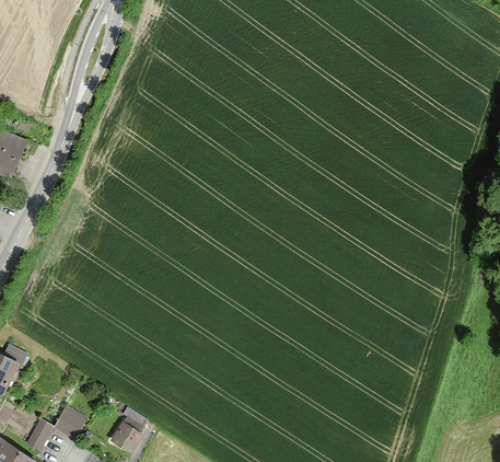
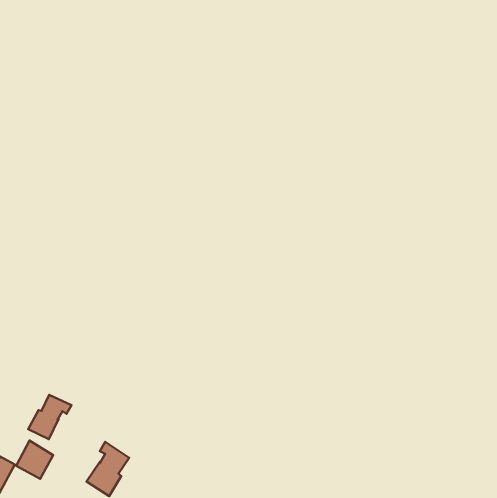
building: none -> [28,395,71,439]

